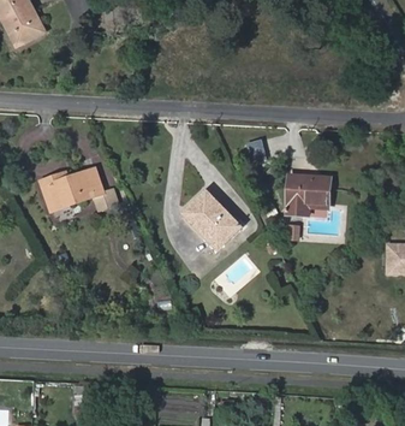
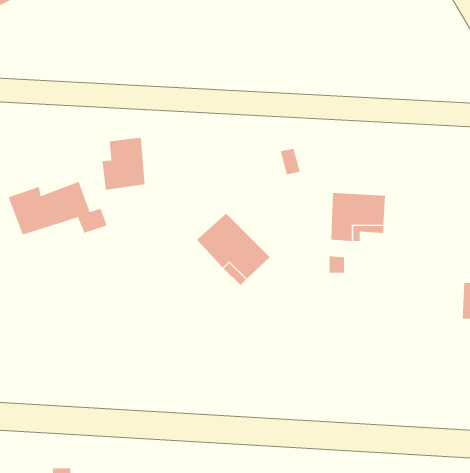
building: none -> [102,137,145,190]

